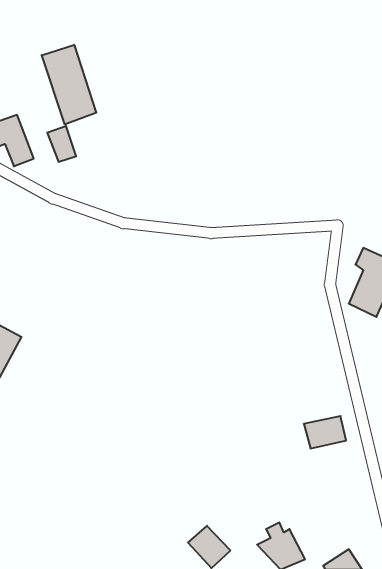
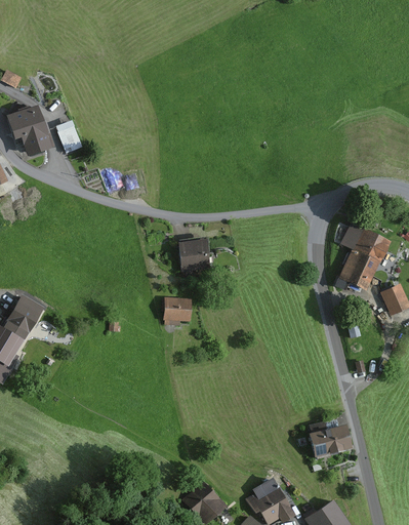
building: [42,45,96,124] -> none
building: none -> [178,241,208,272]
building: none -> [162,299,188,322]
building: [304,416,346,448] -> [318,427,357,456]

